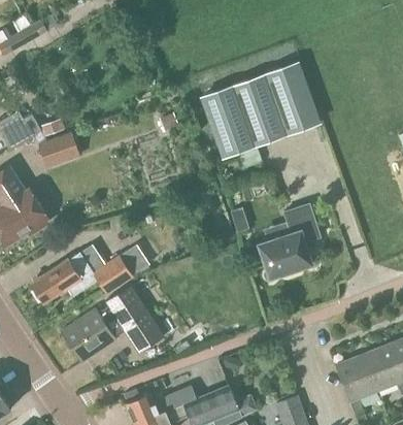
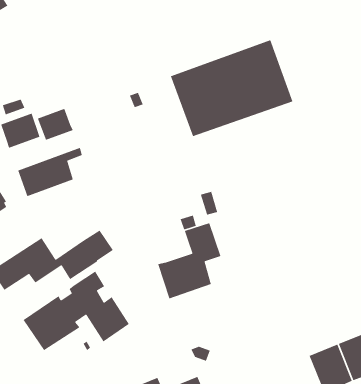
building: none -> [37,108,74,141]
building: none -> [17,147,83,197]
building: [259,203,321,277] -> [157,222,222,299]

